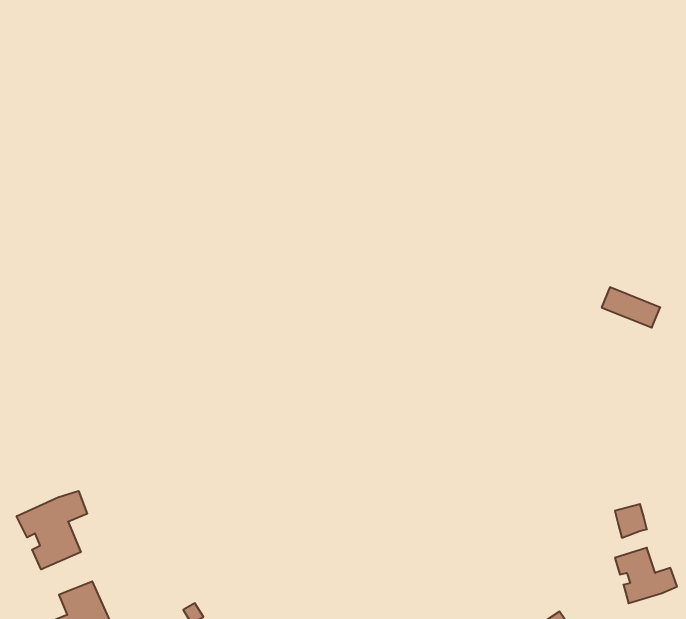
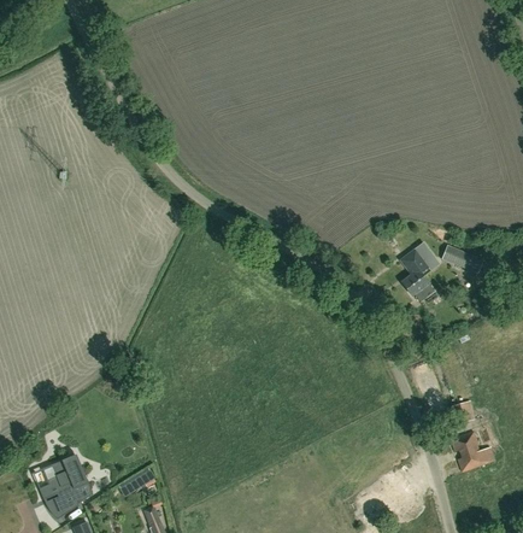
building: none -> [401,244,431,295]
building: [17,491,87,569] -> none

